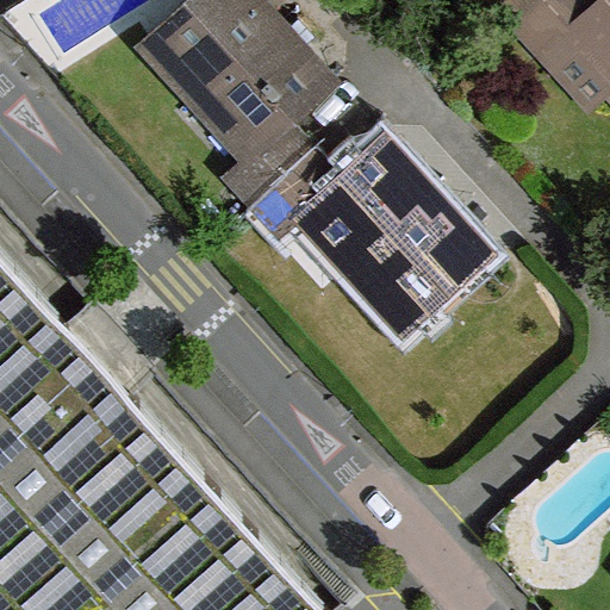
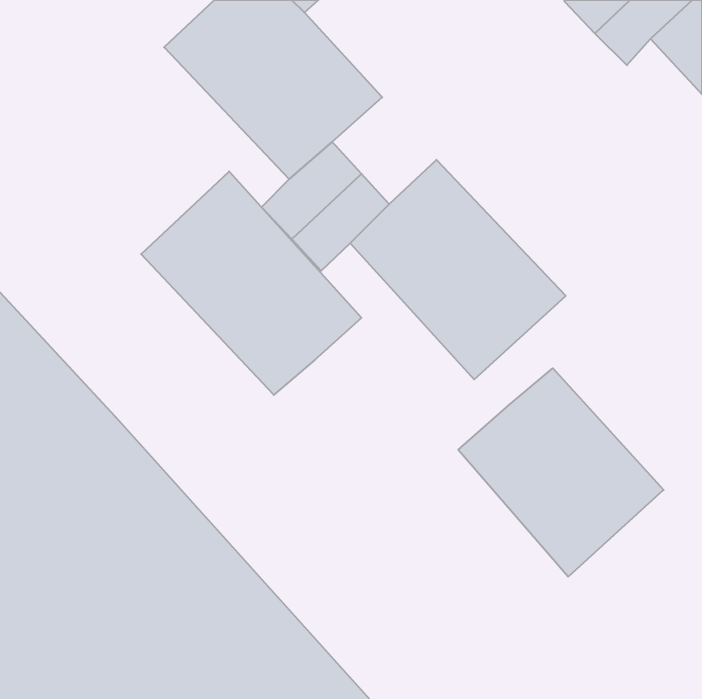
building: none -> [141,171,361,395]
building: none -> [458,368,664,577]

